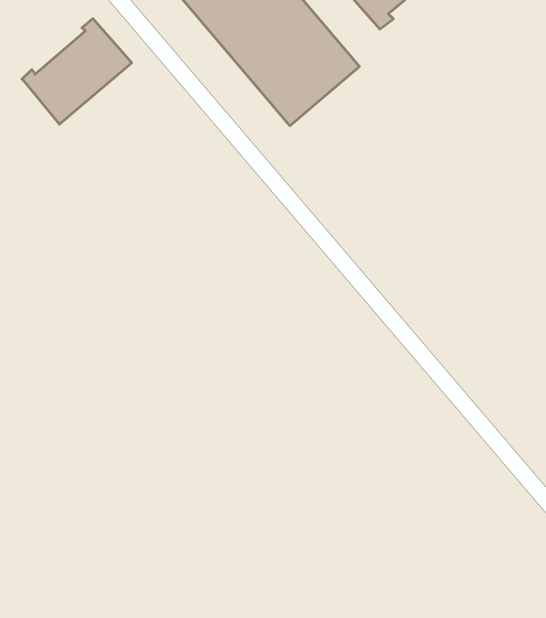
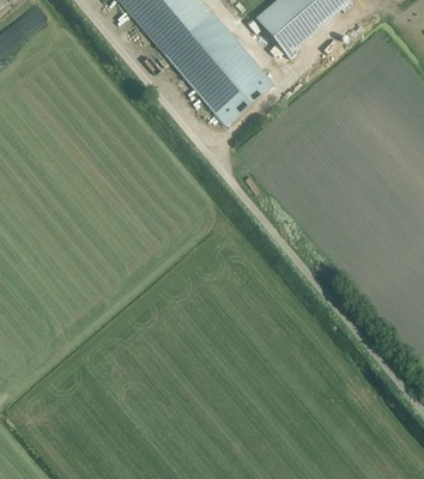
building: [22,19,132,124] -> none

